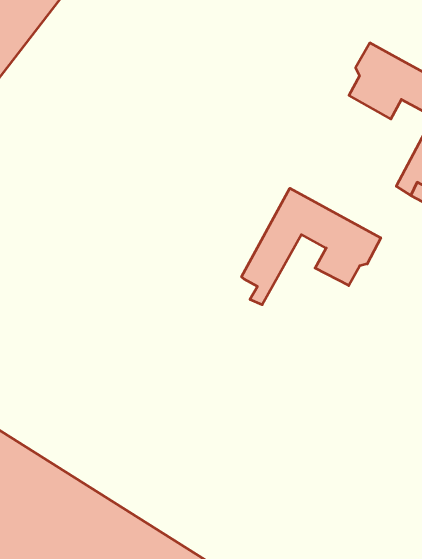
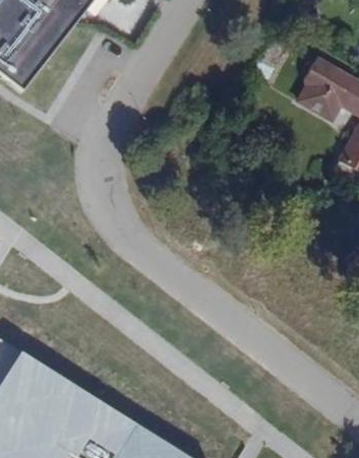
building: [242,188,381,305] -> none

